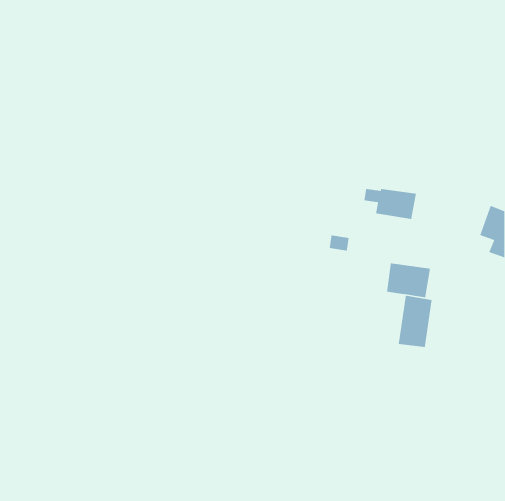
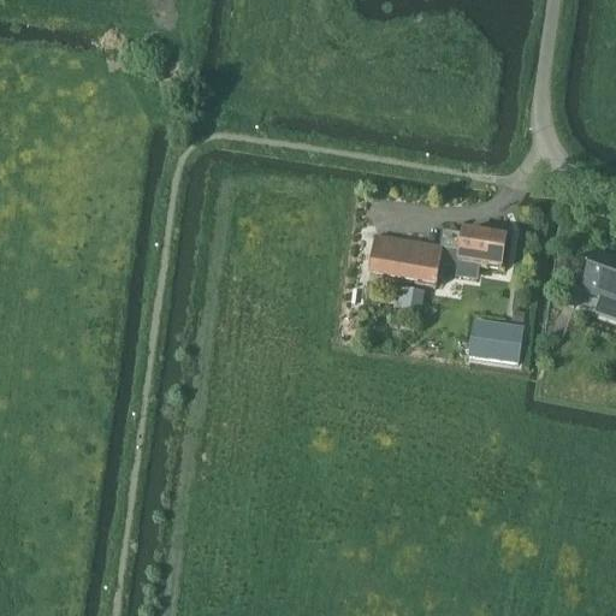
building: none -> [369,235,443,284]
building: [398,295,432,348] -> none

